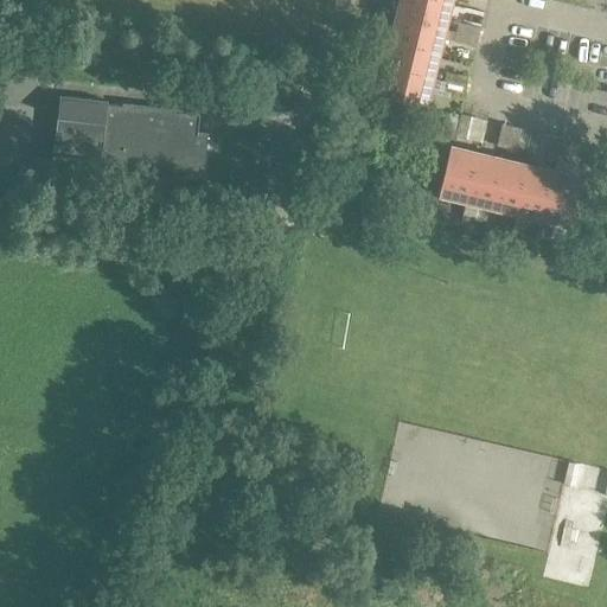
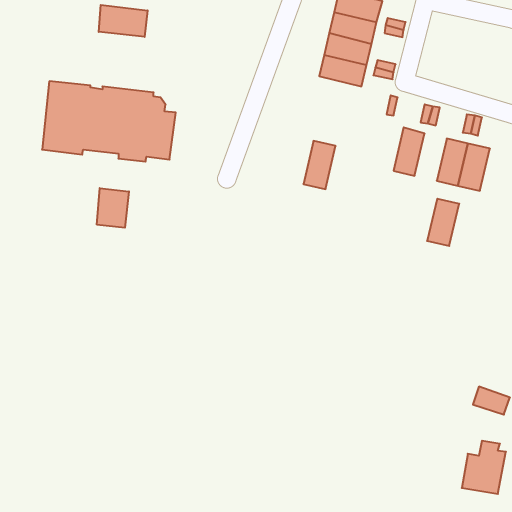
building: none -> [99,5,148,37]
building: [440,145,478,202] -> [303,141,336,189]
building: [491,158,529,213] -> [427,199,459,246]
building: none -> [97,188,129,228]

